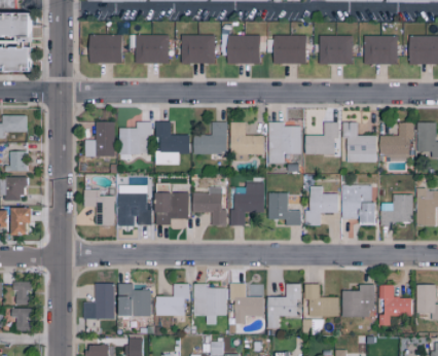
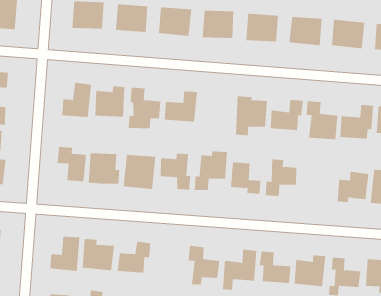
building: [230,121,264,154] -> none
building: [342,184,376,223] -> none
building: [193,283,227,324] -> none

